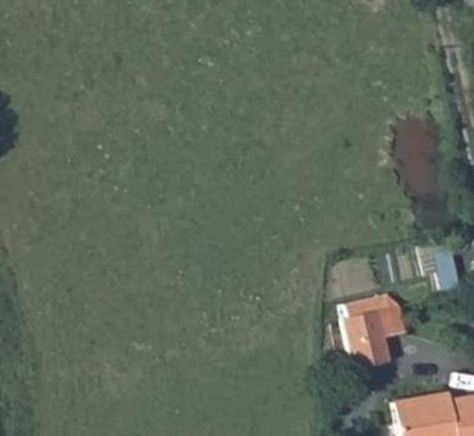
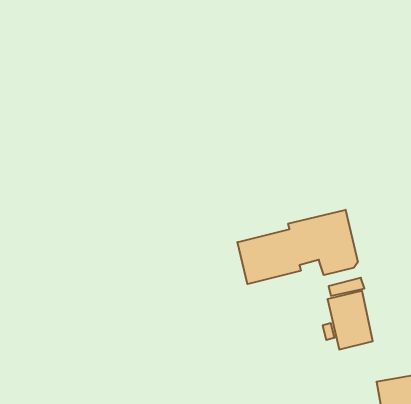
building: none -> [237,210,358,284]

